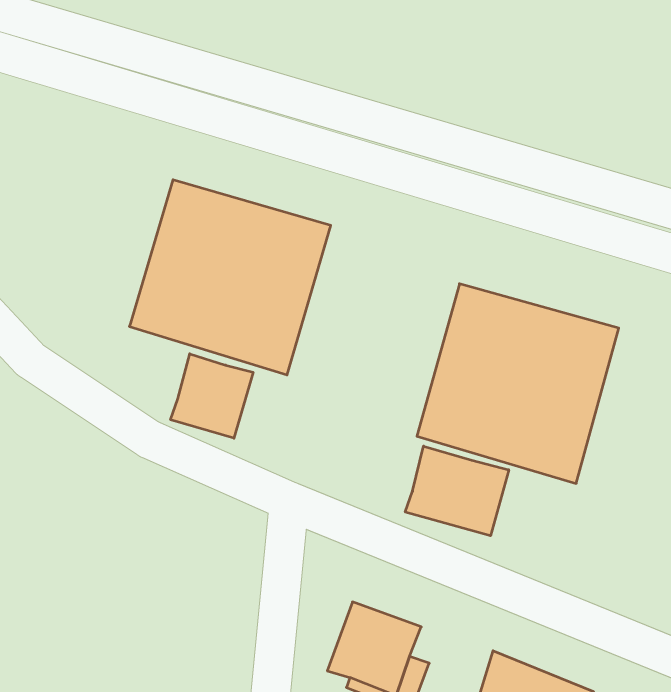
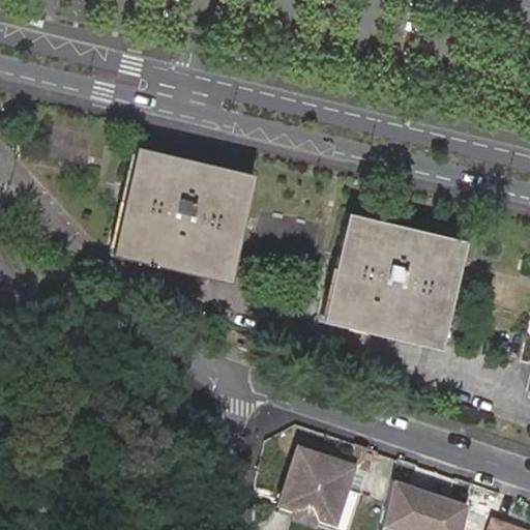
building: [171,354,253,438] -> none
building: [405,446,509,536] -> none

